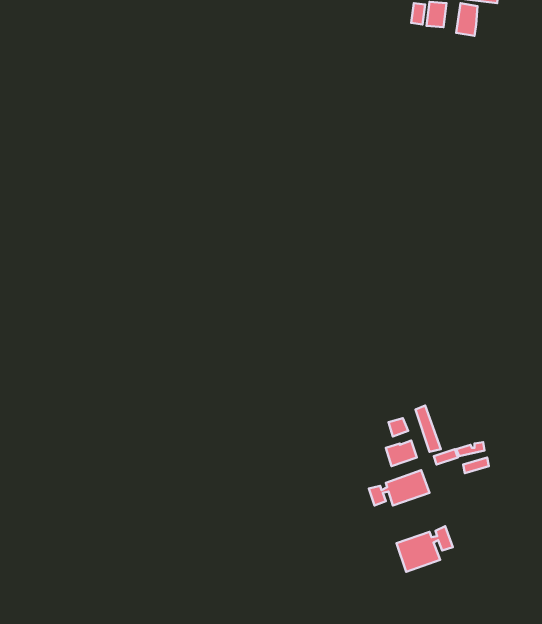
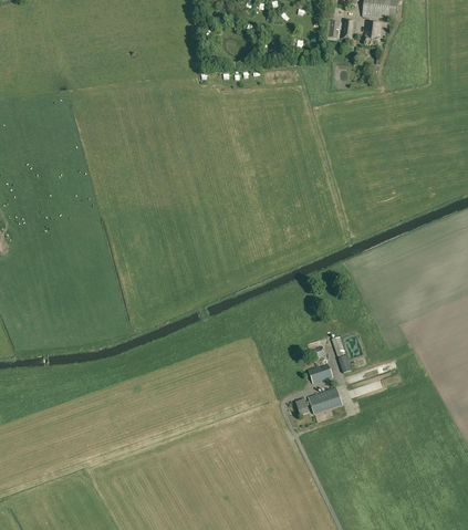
building: [397,526,453,572] -> none

